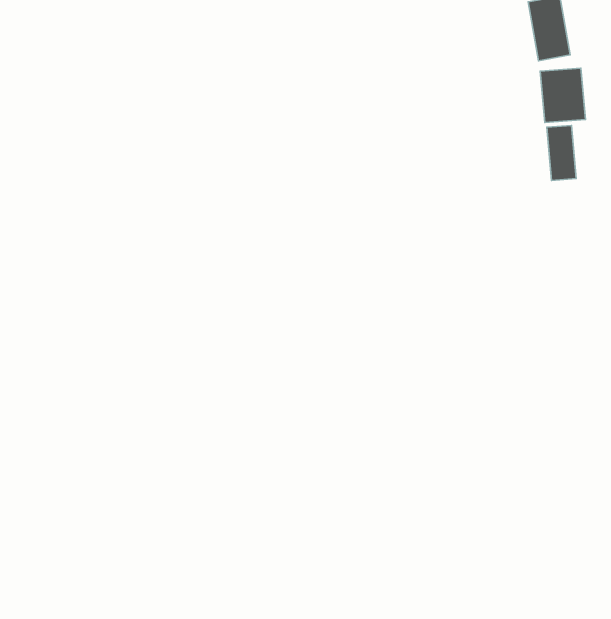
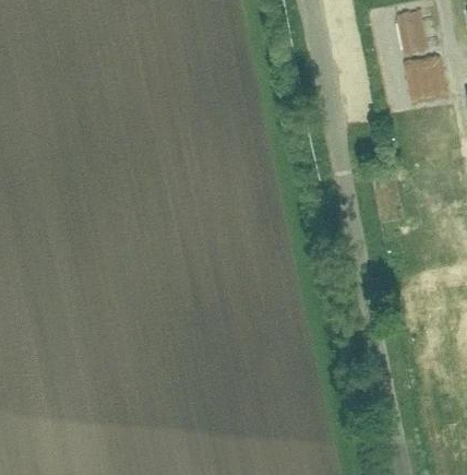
building: [547,125,576,181] -> none

